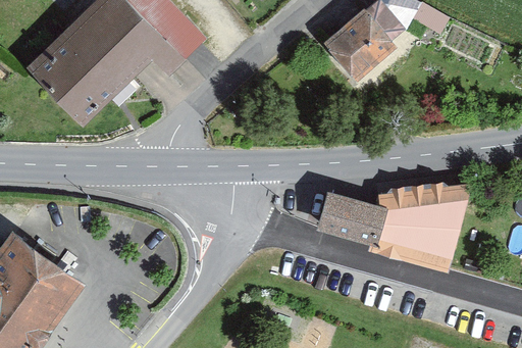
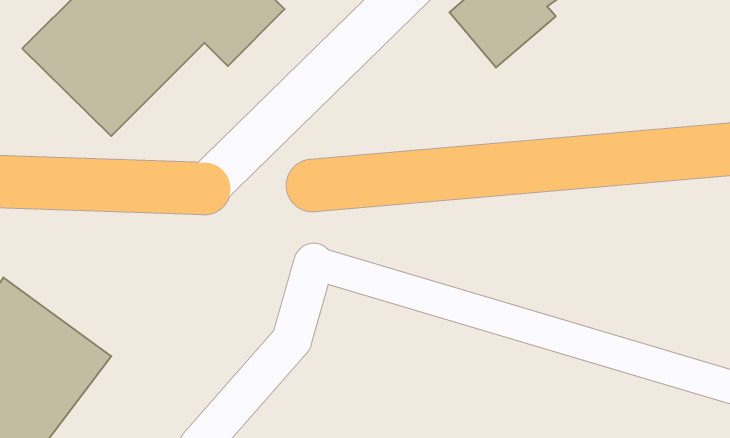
building: [315,182,471,270] -> none

